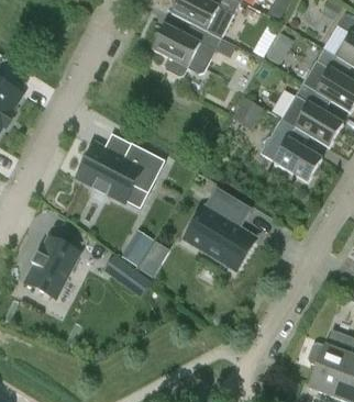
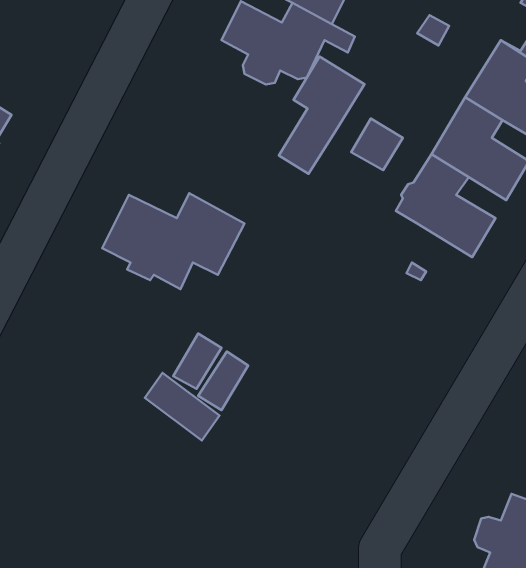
building: none -> [279,56,365,174]
building: [186,192,255,268] -> none
building: [26,237,78,297] -> none

